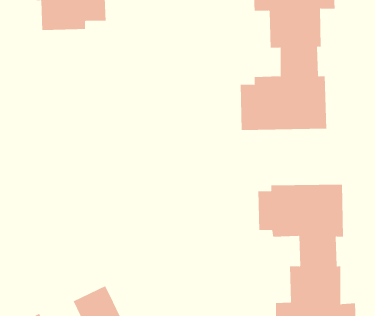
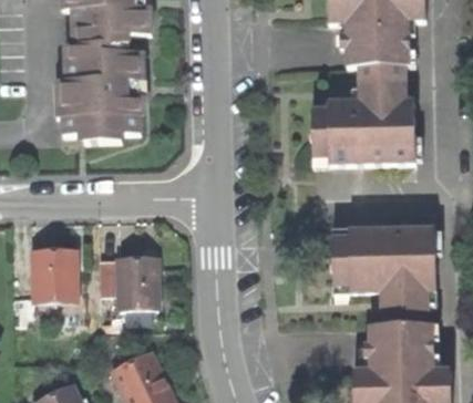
building: none -> [59,43,142,142]
building: none -> [32,246,76,294]
building: none -> [97,256,157,310]

